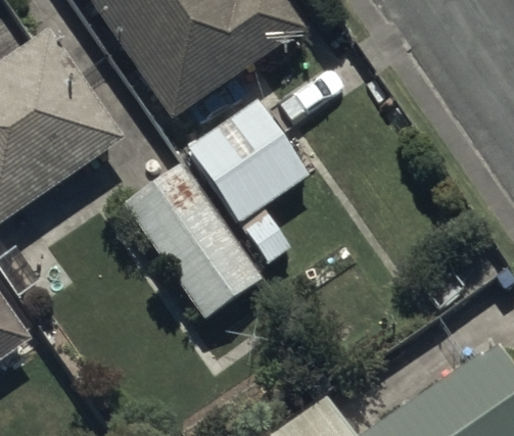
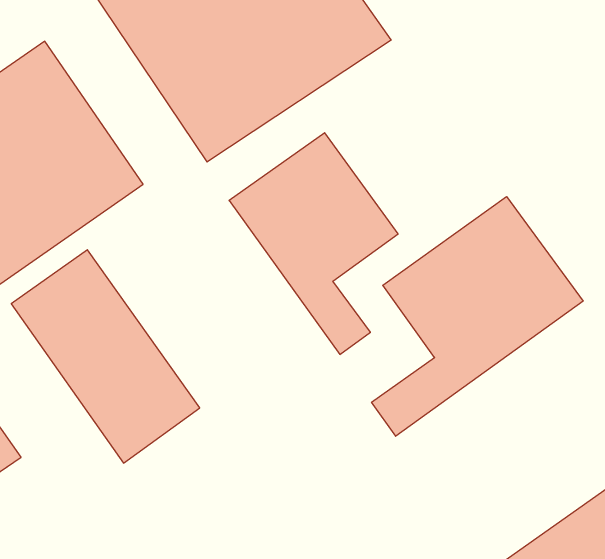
building: none -> [372,197,583,436]
building: [123,161,262,319] -> [11,250,200,463]

